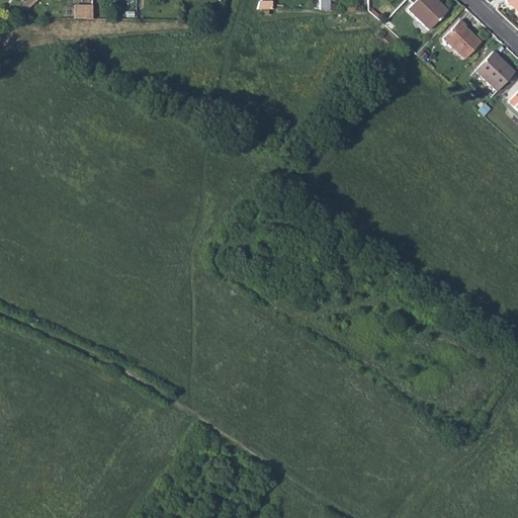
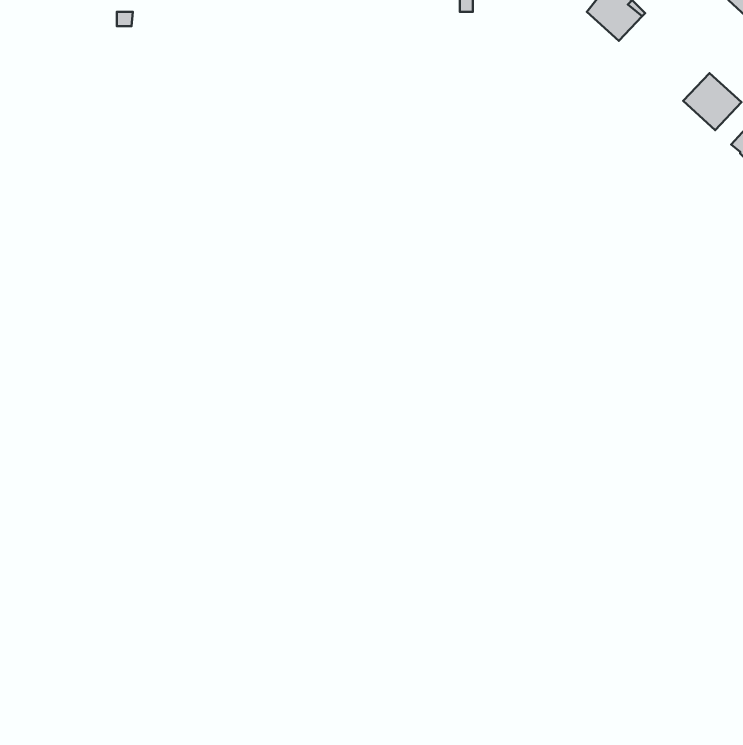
building: [443,18,482,58] -> none

